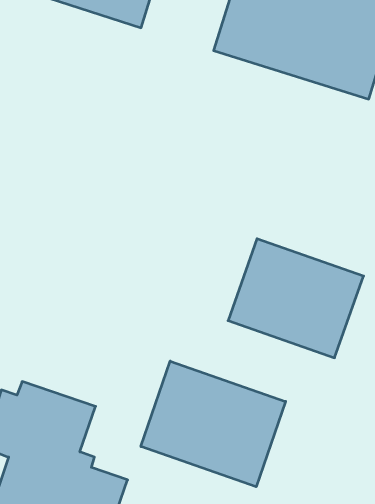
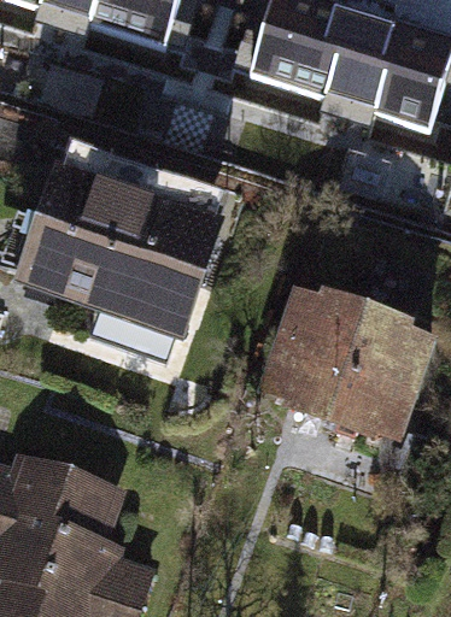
building: none -> [23,164,219,334]
building: [141,361,286,487] -> none

